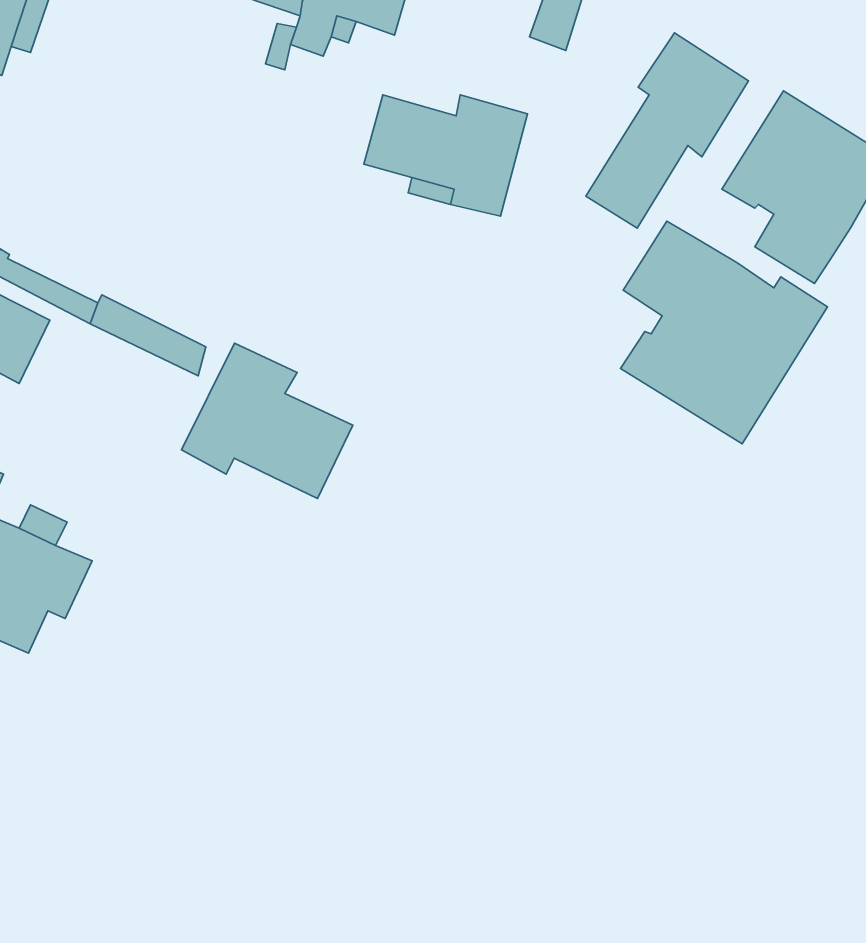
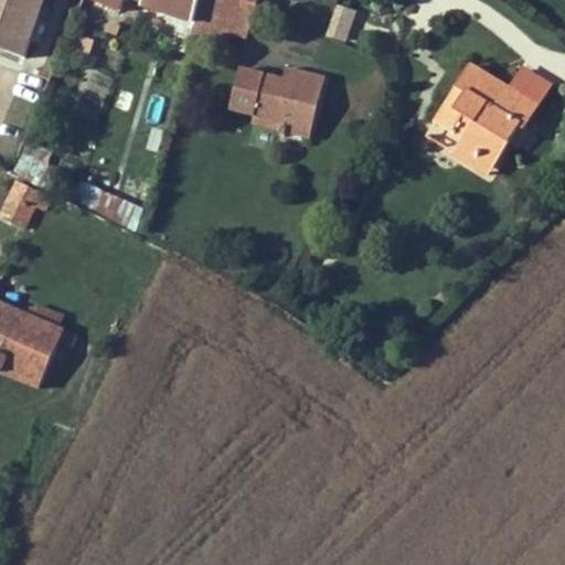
building: [586,33,749,228] -> none
building: [620,221,827,444] -> none
building: [182,343,353,498] -> none

